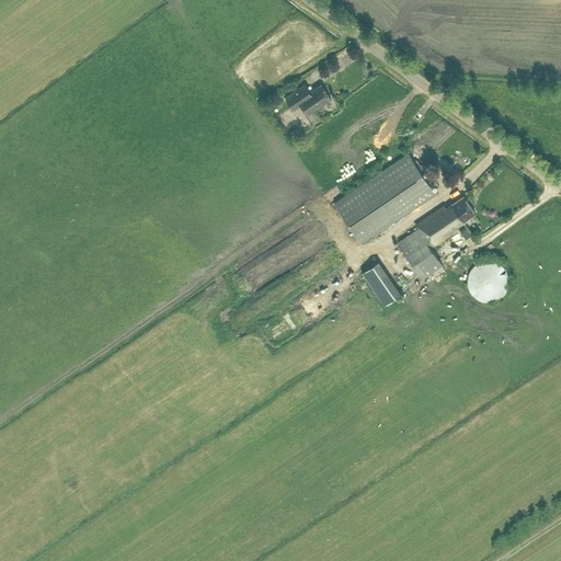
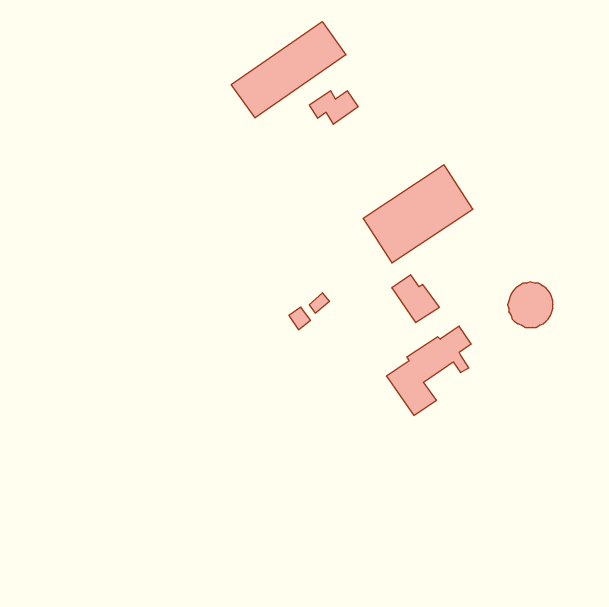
building: none -> [231,22,346,118]
building: [396,198,473,280] -> [386,326,471,416]

